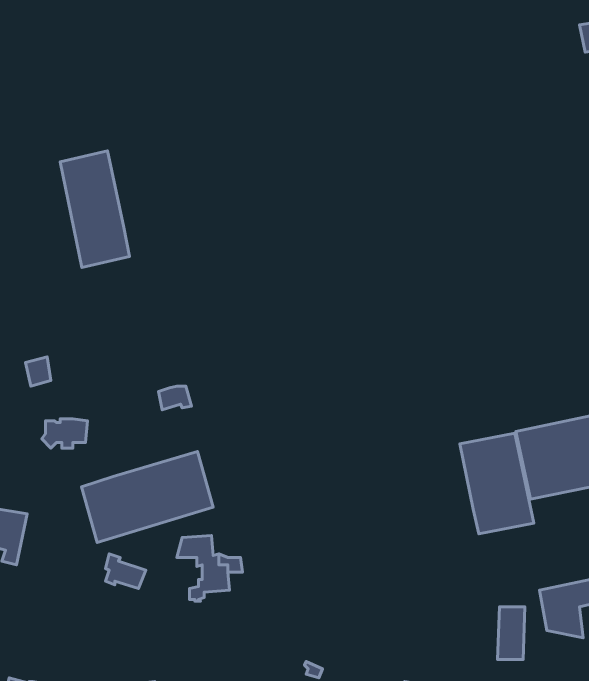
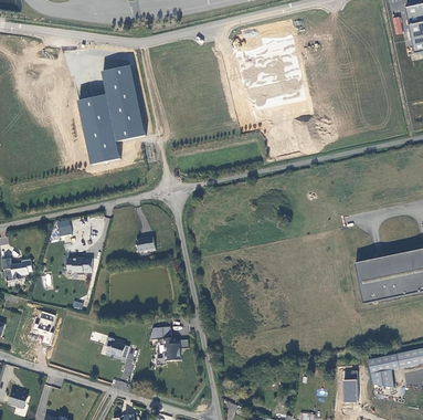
building: none -> [99,64,144,139]
building: [460,433,534,534] -> none
building: [82,451,213,542] -> none

